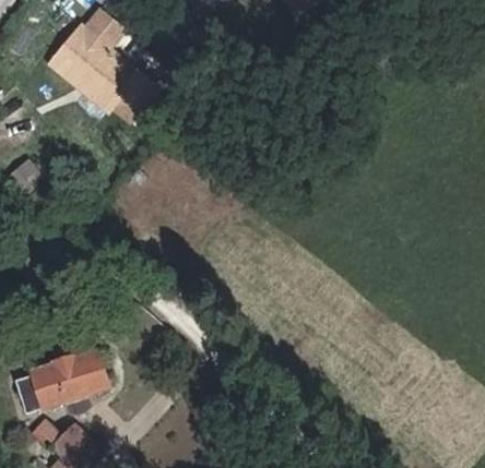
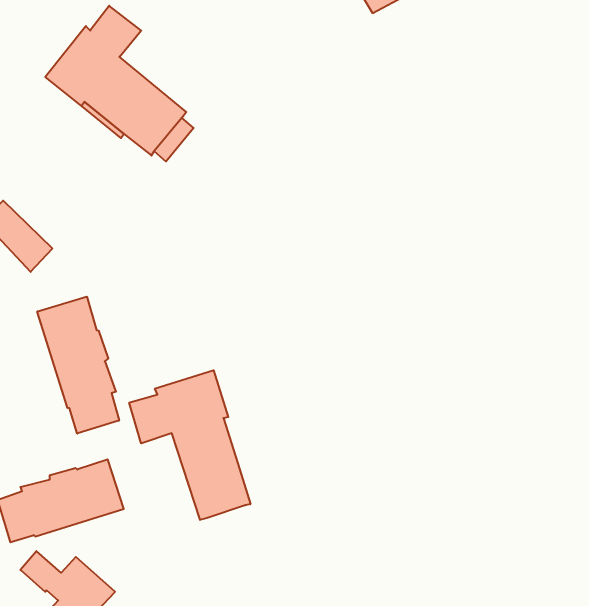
building: none -> [37,297,119,434]
building: none -> [129,370,250,520]

